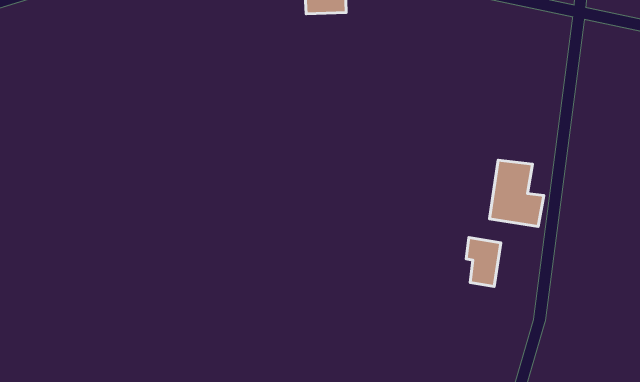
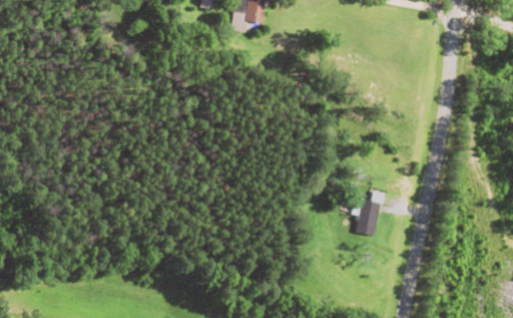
building: [489,160,544,226] -> none

